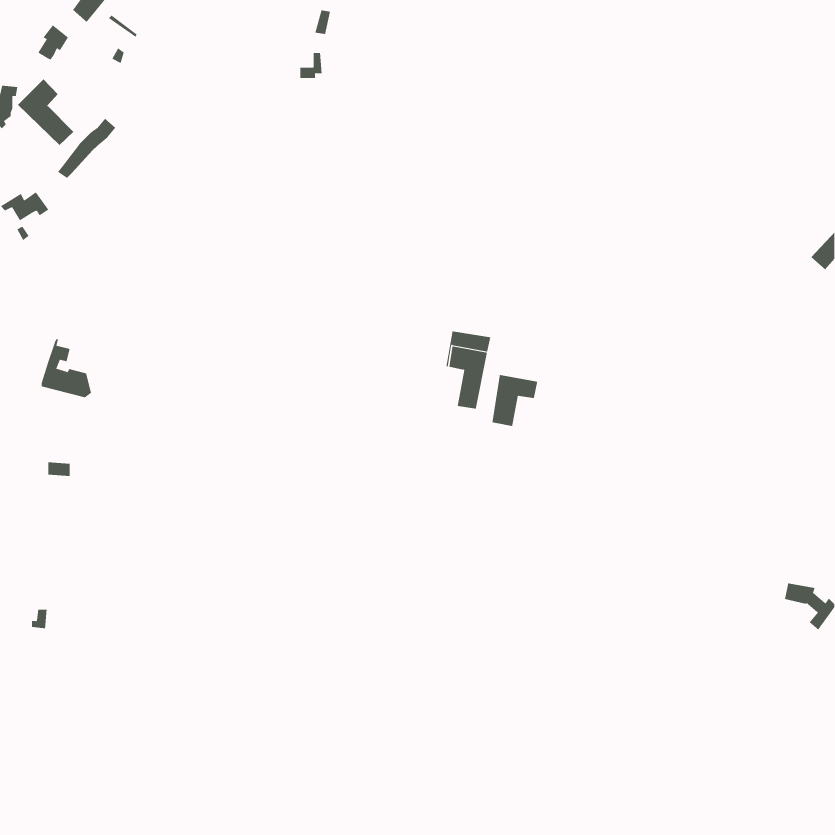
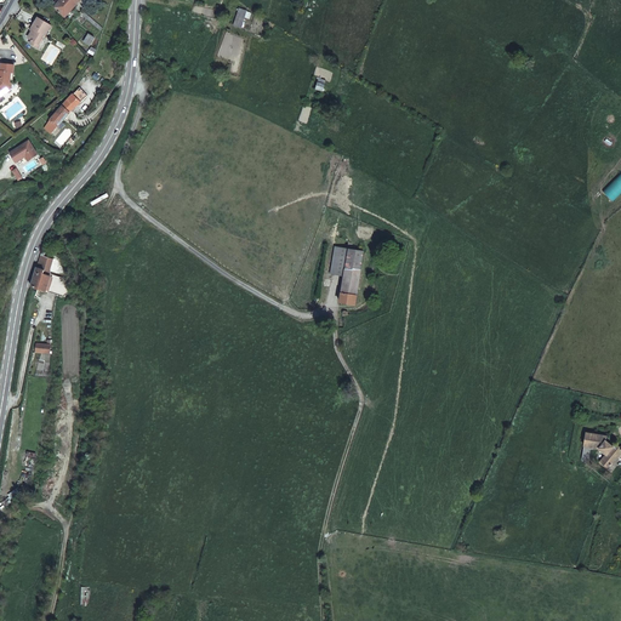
building: [17,78,74,146] -> none
building: [492,374,538,427] -> none

